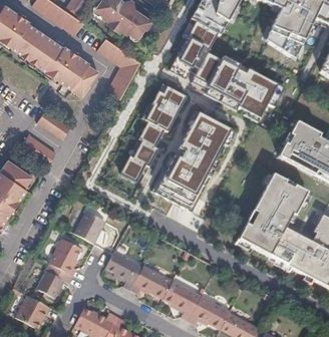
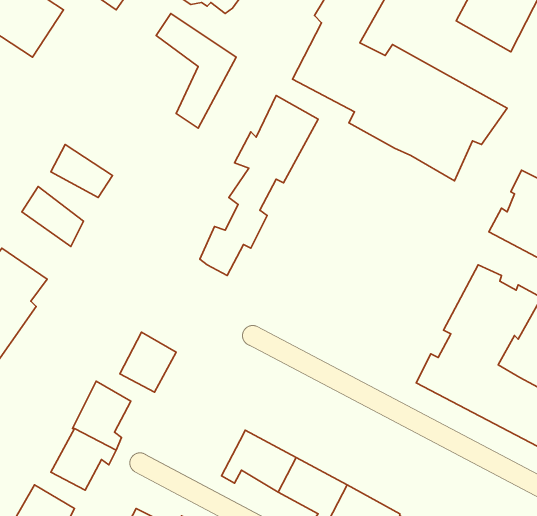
building: [28,34,99,96] -> none
building: [151,109,233,206] -> none
building: [107,250,144,291] -> none

